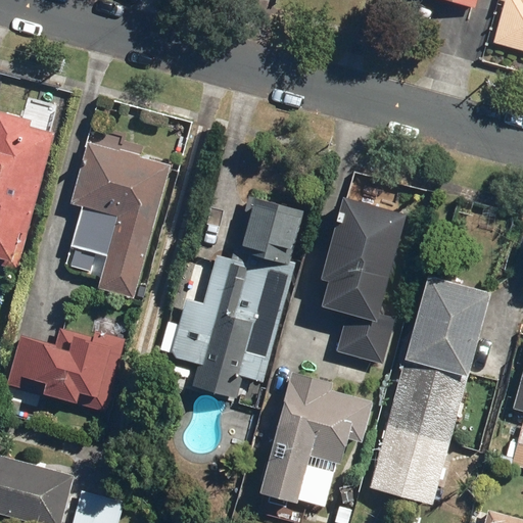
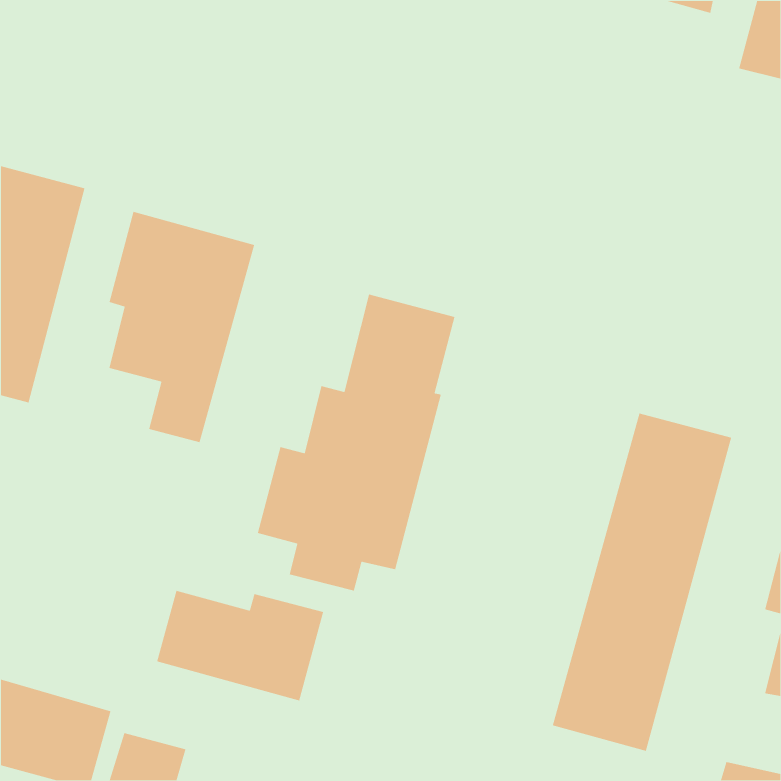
building: [308,201,400,376] -> none
building: [8,335,121,410] -> [156,590,324,702]
building: [263,381,375,510] -> none

